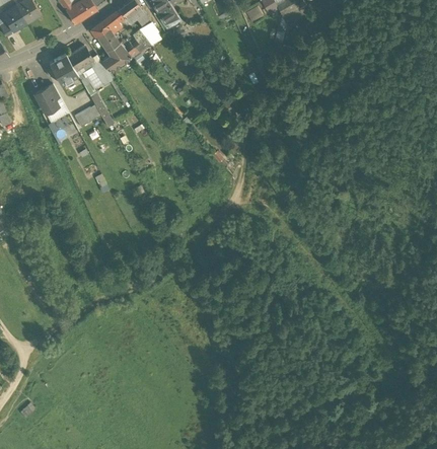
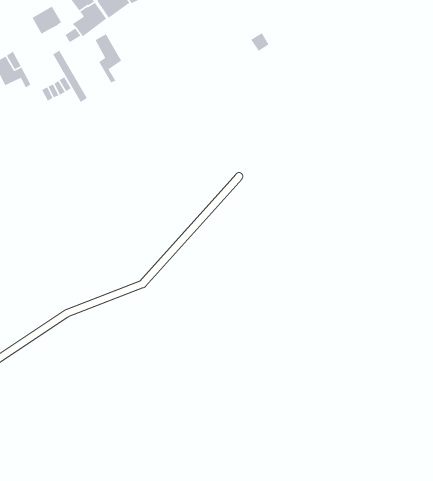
building: [49,54,78,85] -> none
building: none -> [95,33,122,84]

